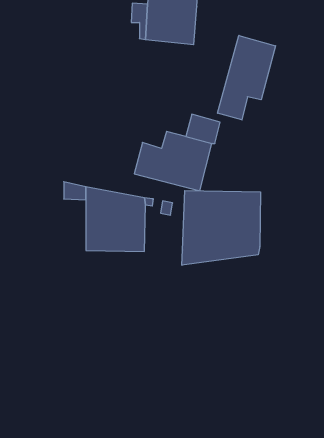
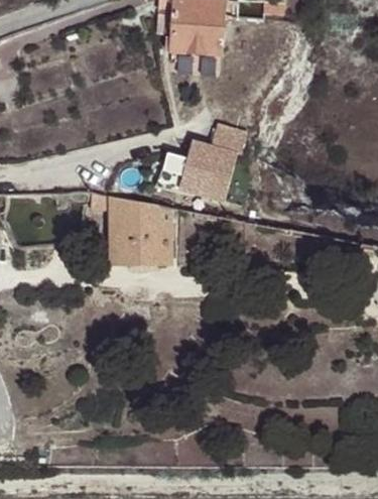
building: [218,35,276,120] -> none
building: [182,191,260,265] -> none

